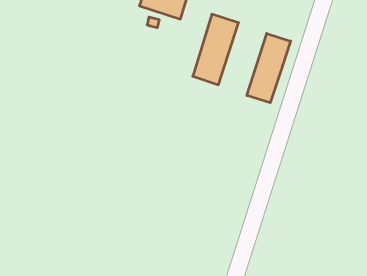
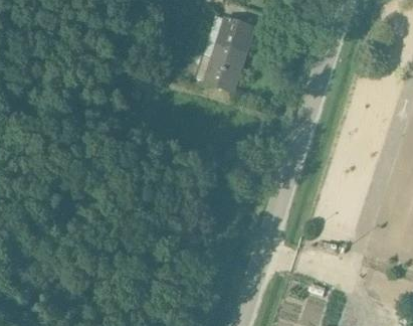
building: [247,33,291,103] -> none

